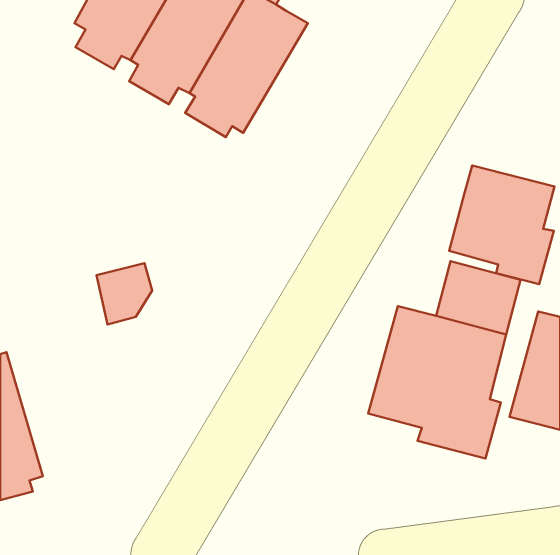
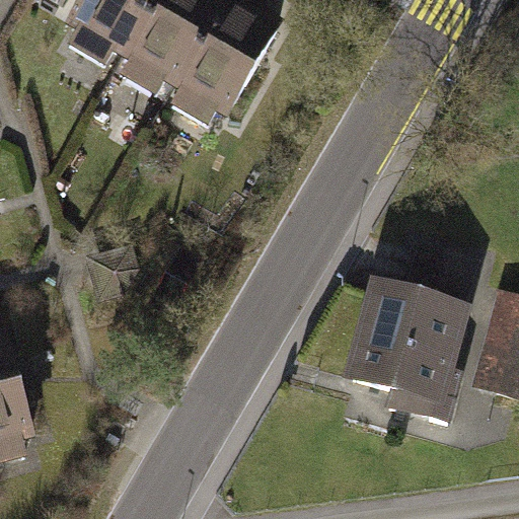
building: [449,165,555,284] -> none

